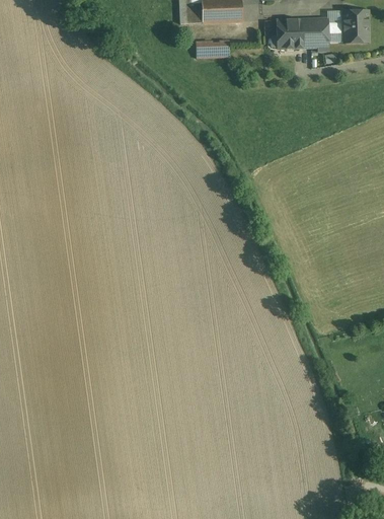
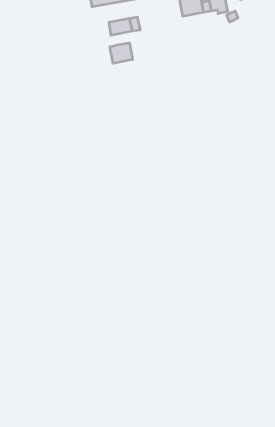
building: none -> [110,43,133,63]

